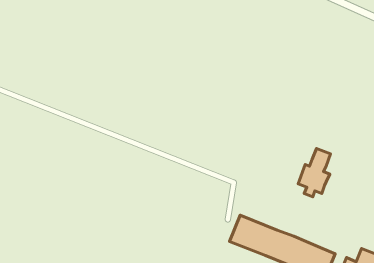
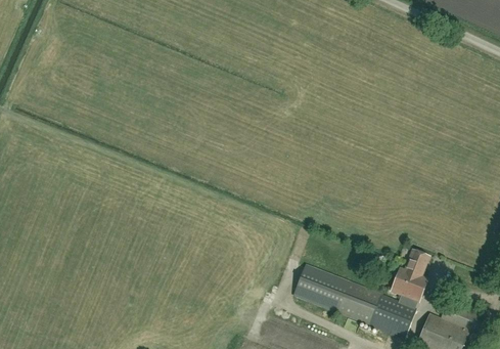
building: [298,149,331,197] -> [391,249,428,305]

